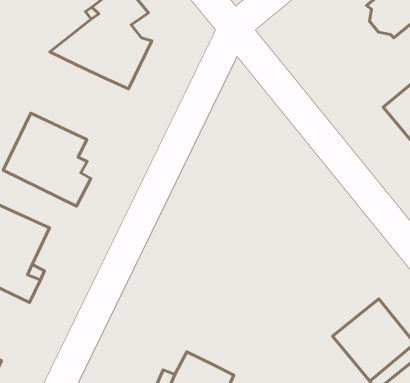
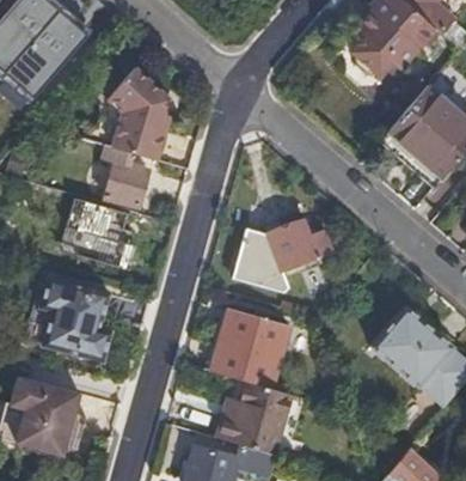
building: none -> [103,147,148,206]
building: none -> [232,220,331,292]
building: none -> [214,308,290,388]

